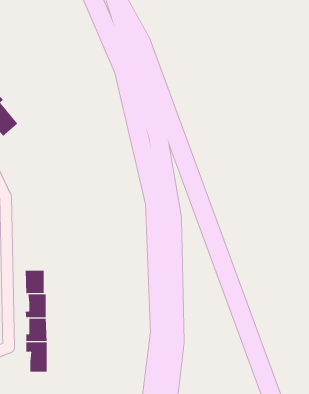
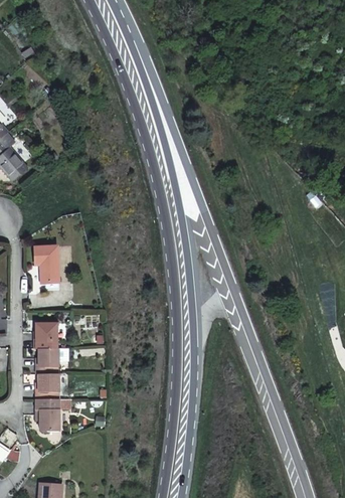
building: none -> [33,244,57,282]

